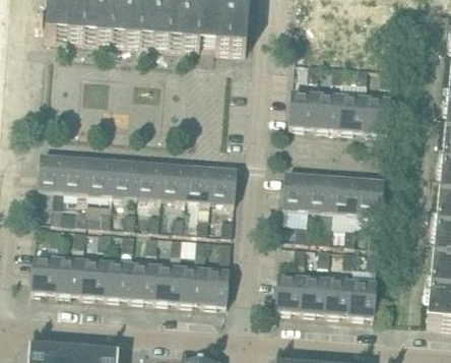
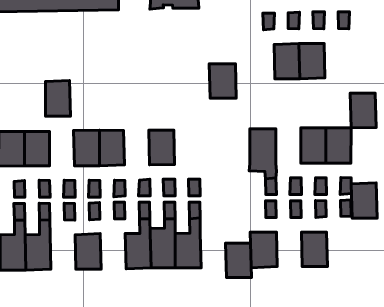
building: [289,92,317,127] -> [209,64,236,98]
building: [364,97,390,132] -> [350,93,376,128]
building: [88,160,115,195] -> [45,81,70,116]
building: [162,165,188,200] -> none
building: [210,169,238,204] -> none
building: [309,176,336,211] -> none
building: [81,260,108,296] -> none
building: [130,263,156,300] -> none
building: [302,277,328,312] -> [226,243,251,277]
building: [350,281,377,316] -> [351,183,377,218]

